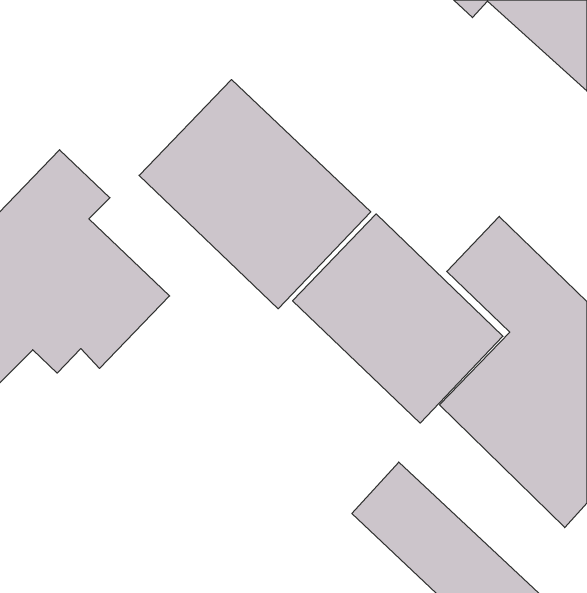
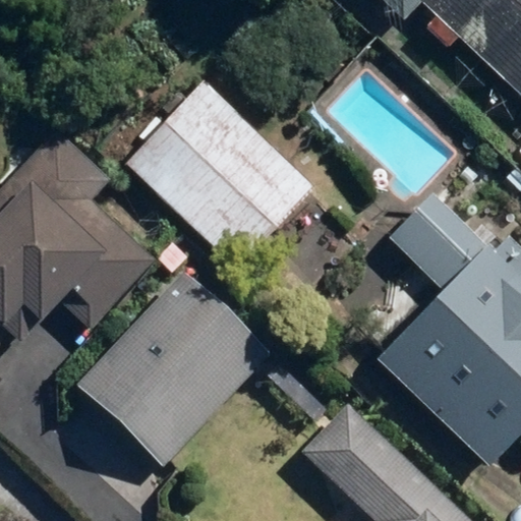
building: [293,214,503,423] -> none
building: none -> [75,266,279,473]

